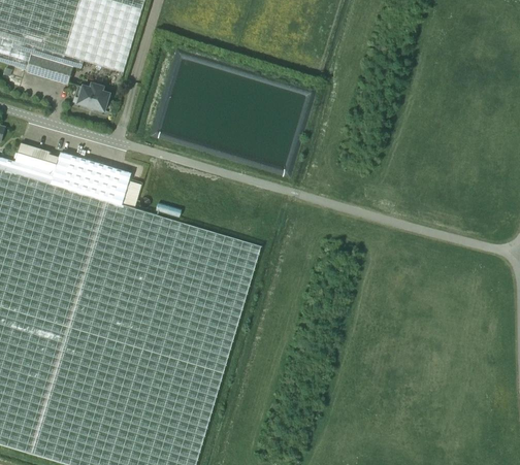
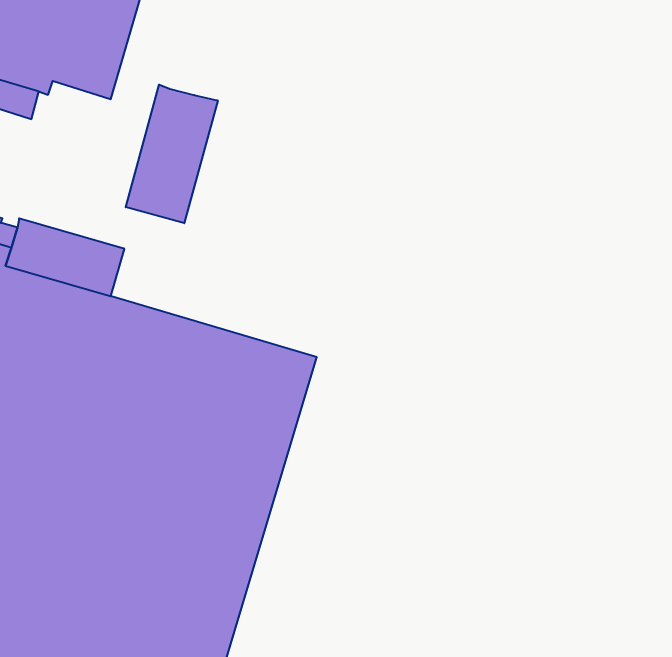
building: none -> [126,85,218,223]
building: [73,85,108,111] -> none

